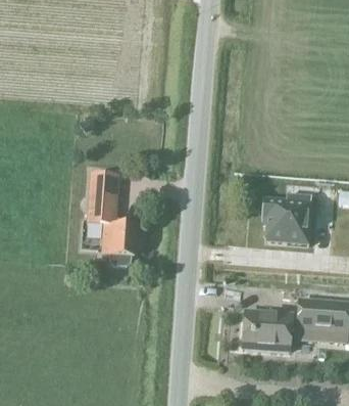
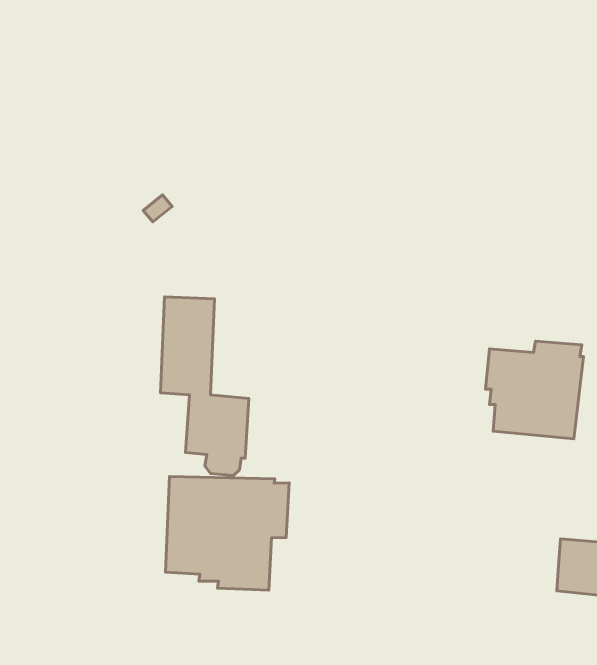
building: none -> [166,477,289,590]
building: [244,310,292,351] -> none

